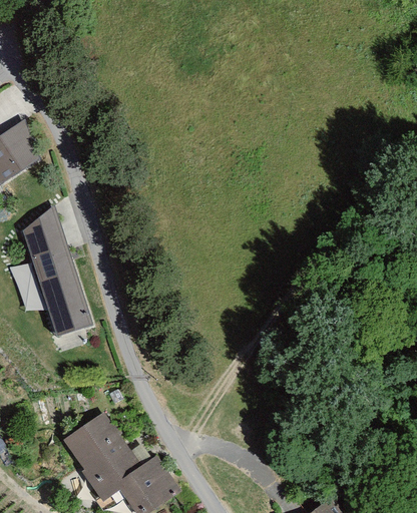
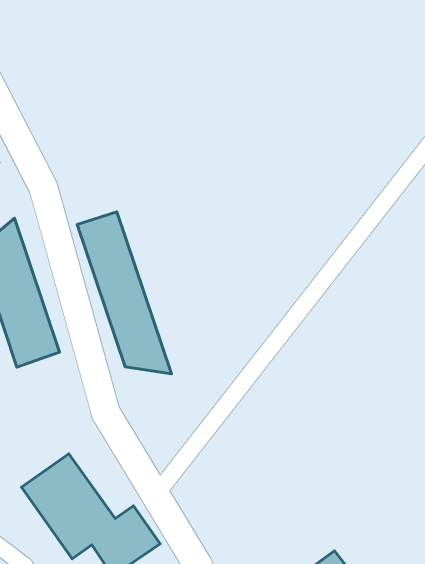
building: none -> [77,212,171,374]

